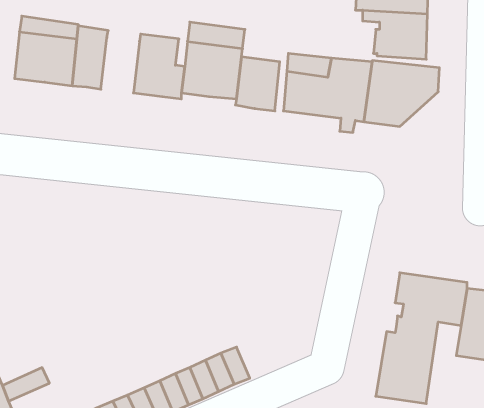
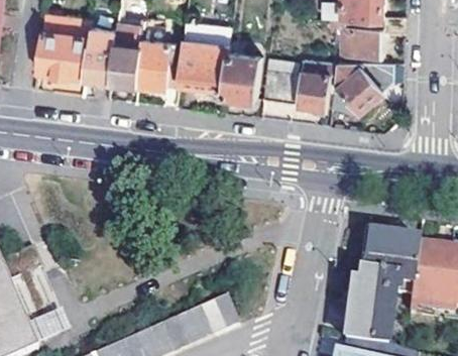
building: none -> [110,36,142,83]

